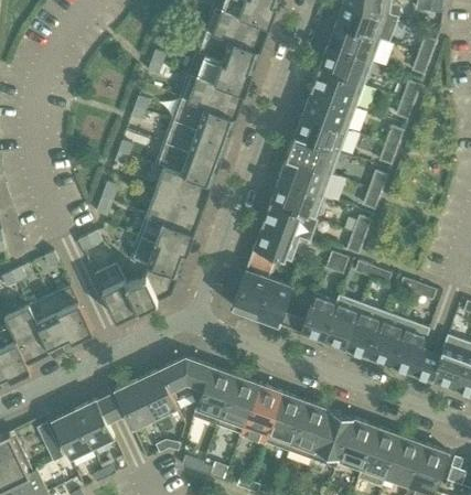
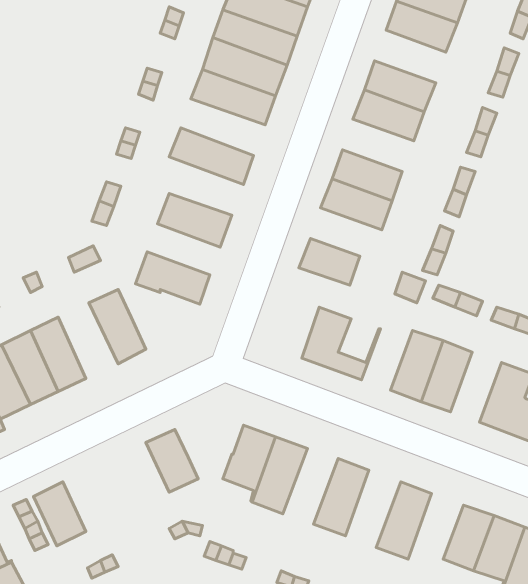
building: [310,68,364,108] -> none
building: [163,120,227,163] -> none
building: [286,136,340,175] -> none
building: [154,164,211,208] -> none
building: [261,203,318,243] -> none
building: [138,215,193,254] -> none
building: [232,248,291,316] -> none
building: [126,265,178,310] -> none
building: [300,294,339,341] -> none
building: [367,312,406,365] -> none
building: [159,357,211,408] -> none
building: [114,380,154,429] -> none
building: [240,385,282,442] -> none
building: [74,400,114,448] -> none
building: [288,401,330,460] -> none
building: [335,419,377,469] -> none

